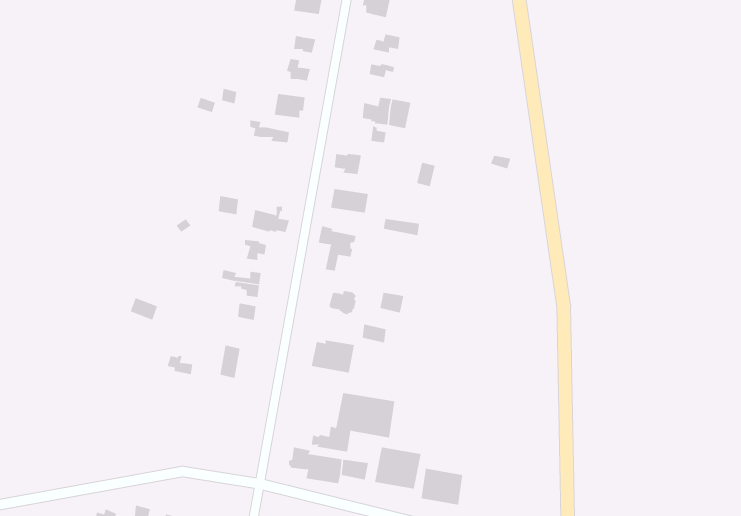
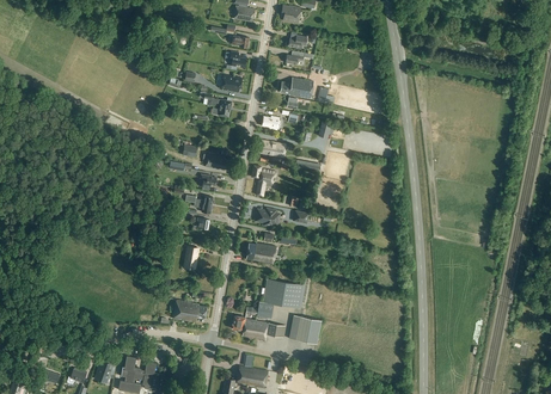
building: none -> [173,298,207,321]
building: [421,468,463,505] -> none

